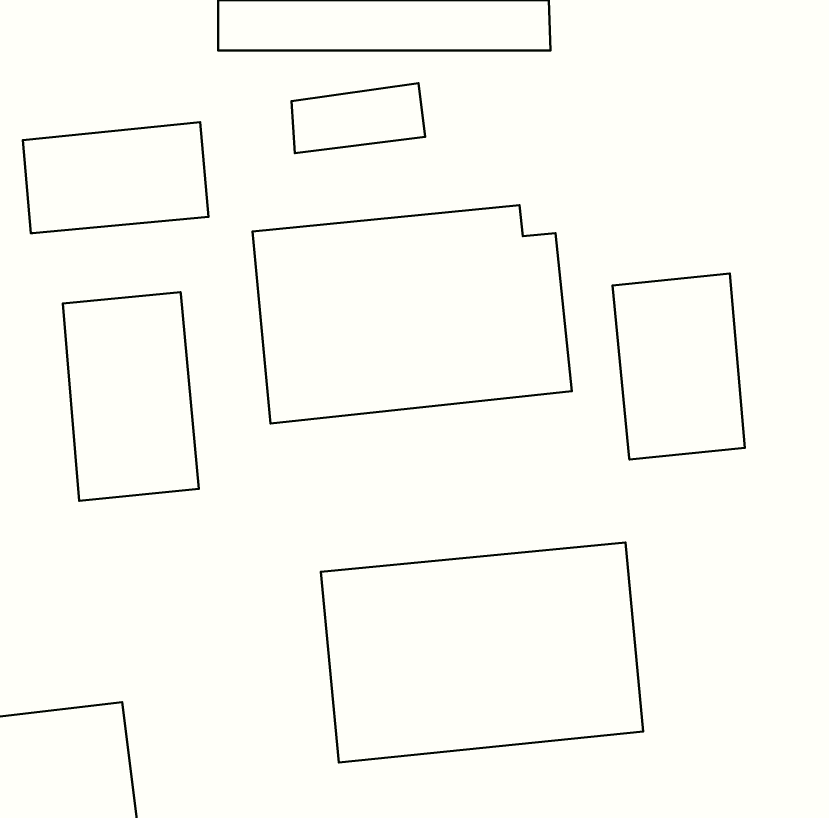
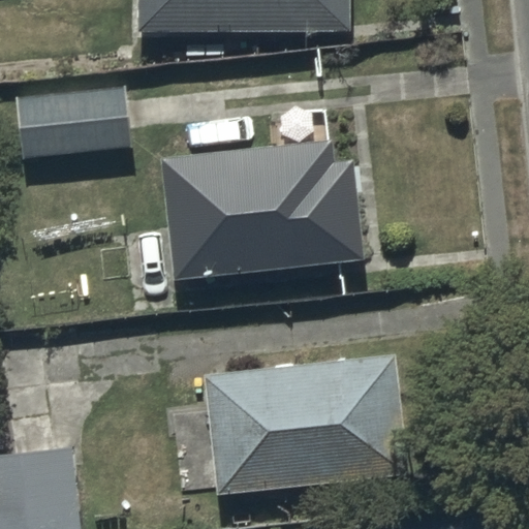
building: [612,273,745,460] -> none
building: [63,292,199,501] -> none

